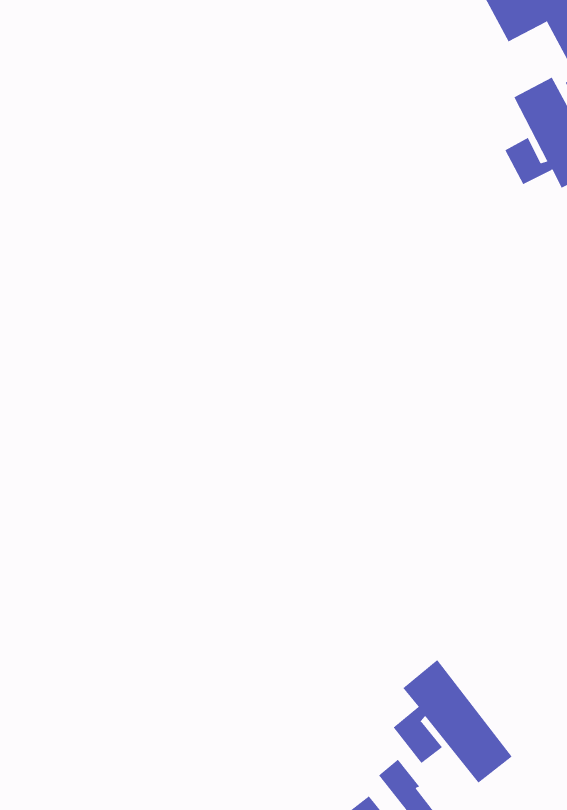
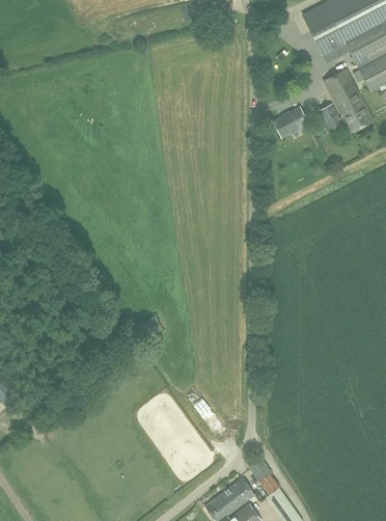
building: none -> [272,106,309,137]
building: [393,659,512,784] -> none

